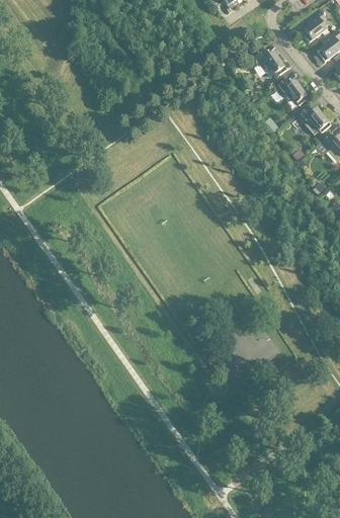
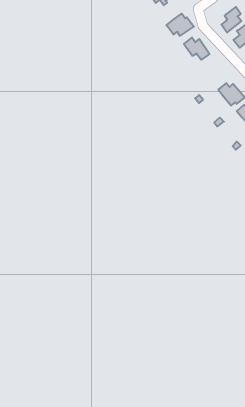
building: none -> [166,14,194,36]
building: [275,77,309,104] -> none

